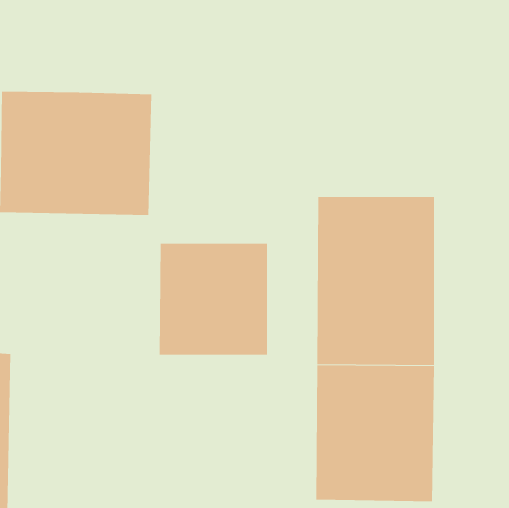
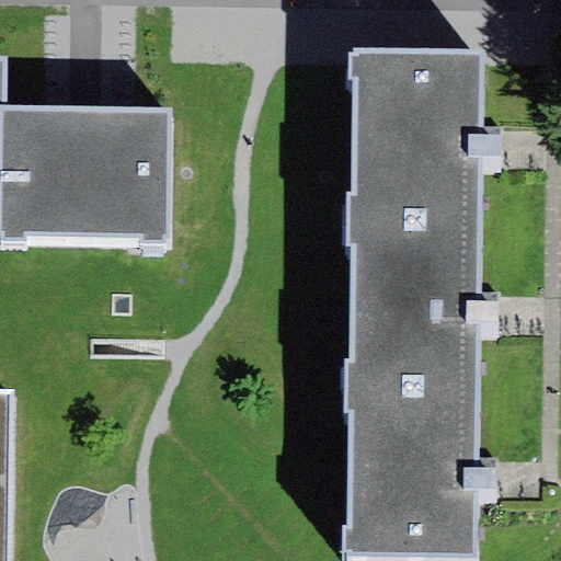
building: none -> [347,51,479,219]
building: [159,243,268,356] -> none

